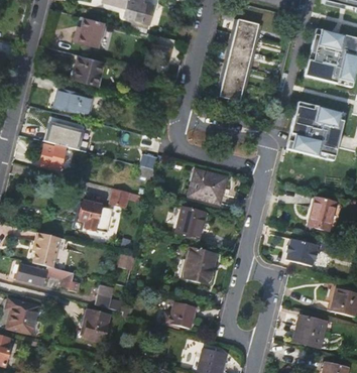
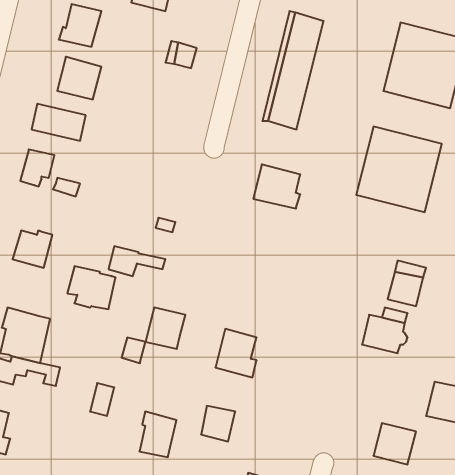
building: [38,144,67,170] -> [12,231,52,268]
building: [191,169,224,201] -> [253,164,300,209]
building: [178,206,207,235] -> [146,308,185,349]
building: [84,308,110,341] -> [139,412,176,457]

